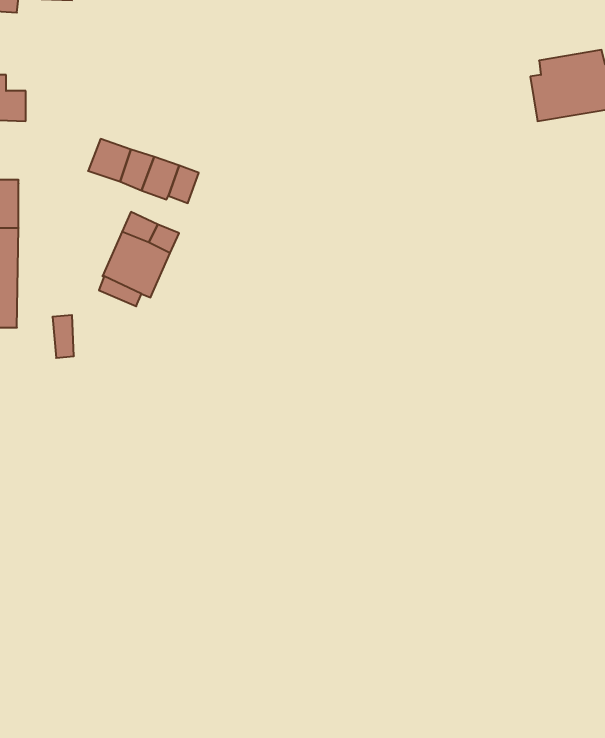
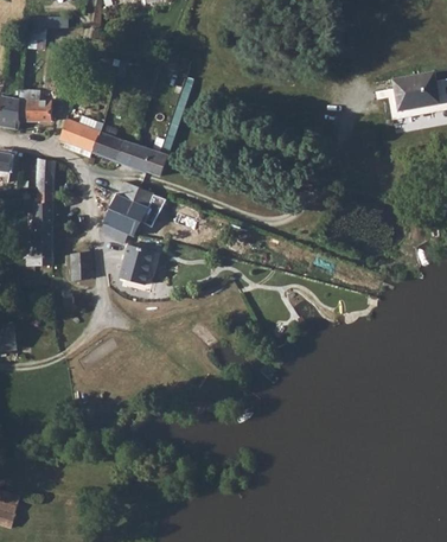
building: none -> [59,119,103,153]
building: none -> [117,247,153,287]

